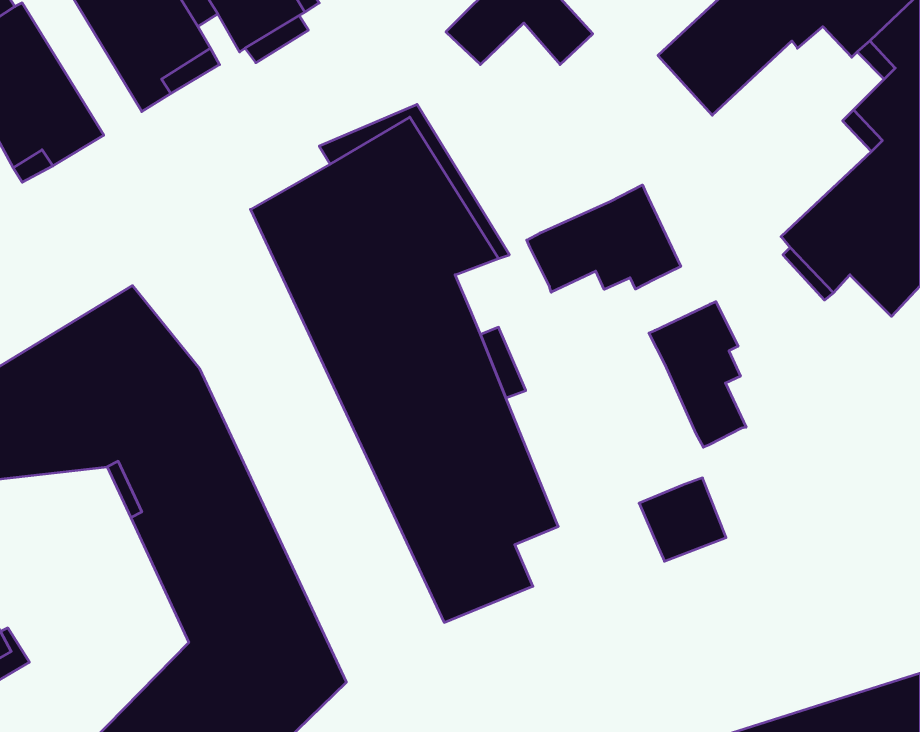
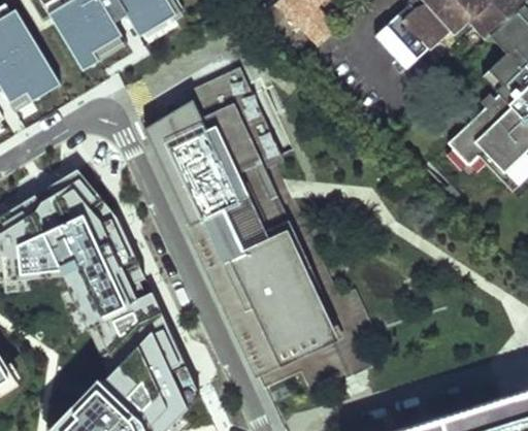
building: [527,185,681,292] -> none
building: [649,302,746,447] -> none
building: [639,478,726,561] -> [295,303,344,351]

